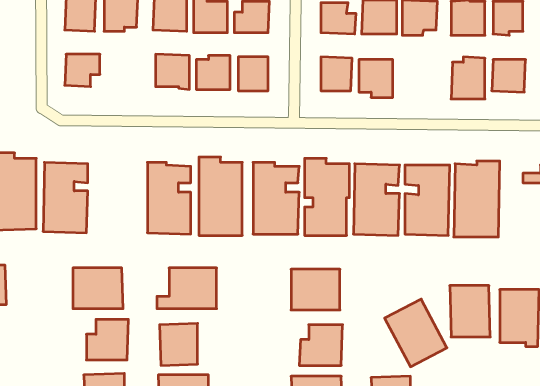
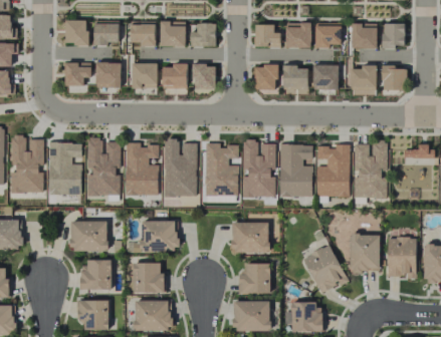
building: none -> [95,62,122,88]
building: none -> [312,64,338,89]
building: none -> [86,138,120,196]

